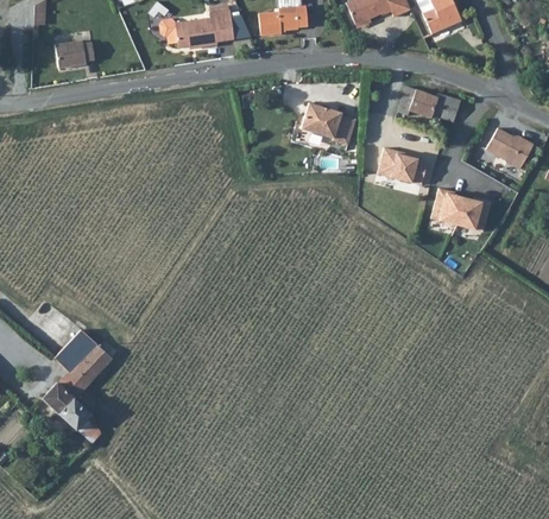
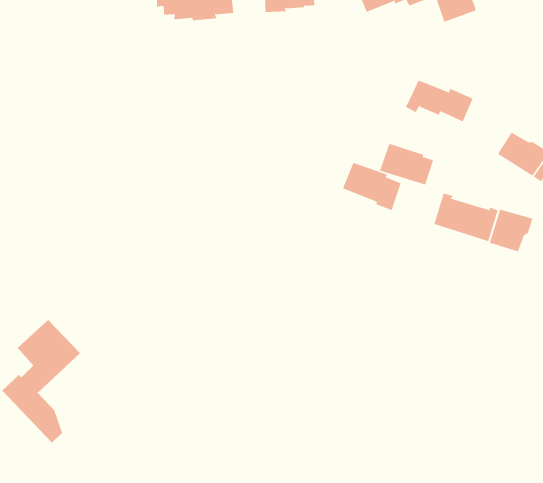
building: [57,39,96,67] -> none
building: [301,103,355,146] -> [342,162,401,211]
building: none -> [489,209,533,252]

